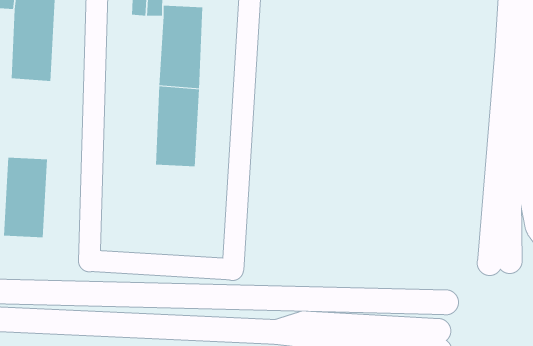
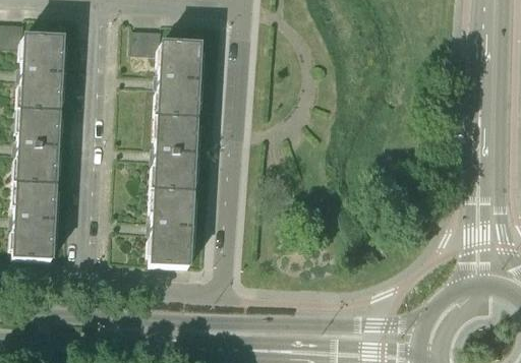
building: none -> [18,109,59,184]
building: none -> [152,189,193,263]

